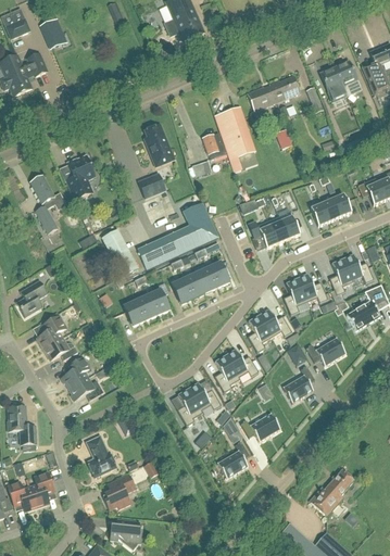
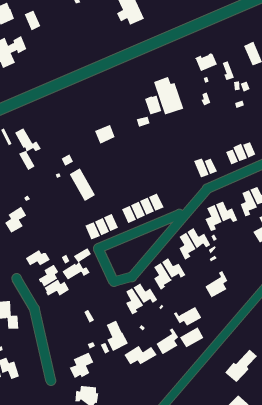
building: [319,66,345,100] -> none
building: [247,84,277,110] -> none
building: [144,124,174,165] -> none
building: [65,153,95,199] -> none
building: [137,201,217,268] -> none
building: [248,219,277,248] -> none
building: [37,314,66,349] -> none
building: none -> [62,247,92,281]
building: [305,337,345,365] -> none
building: [86,434,116,477] -> [106,320,129,352]
building: none -> [179,327,204,348]
building: none -> [124,345,157,365]
building: [30,473,53,506] -> none

